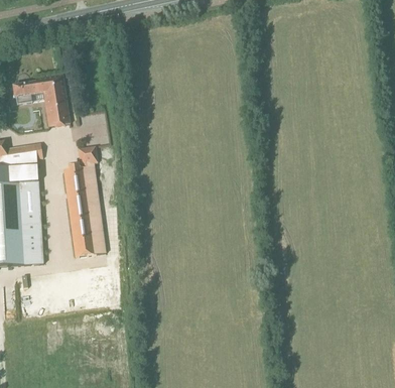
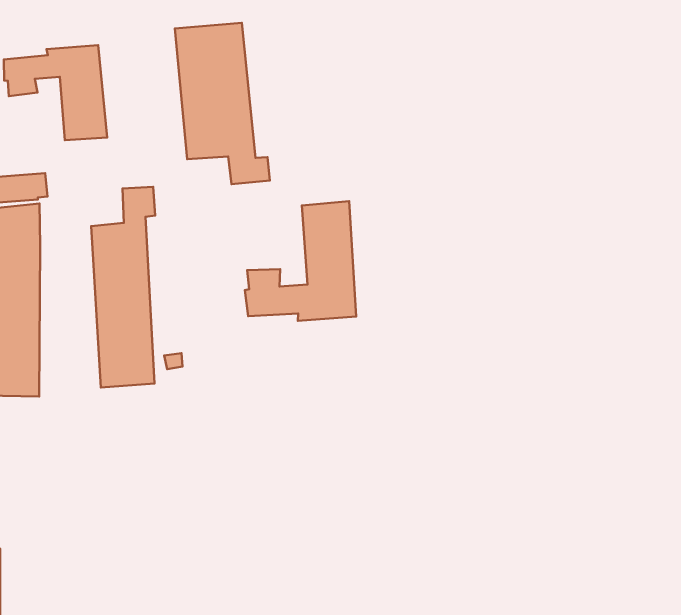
building: none -> [175,23,270,184]
building: none -> [245,201,356,321]

